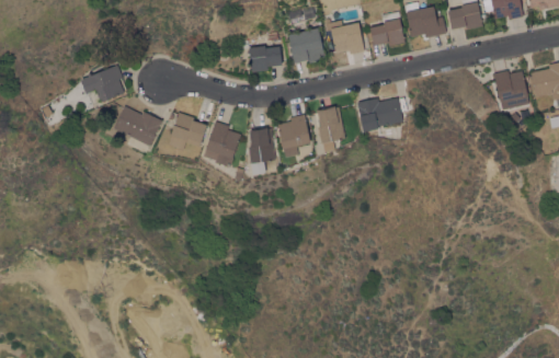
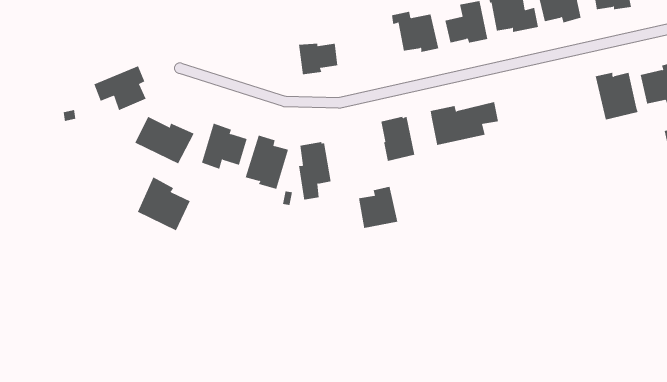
building: [287,28,324,63] -> none
building: [277,114,310,149] -> [358,186,398,229]
building: none -> [137,177,191,231]

